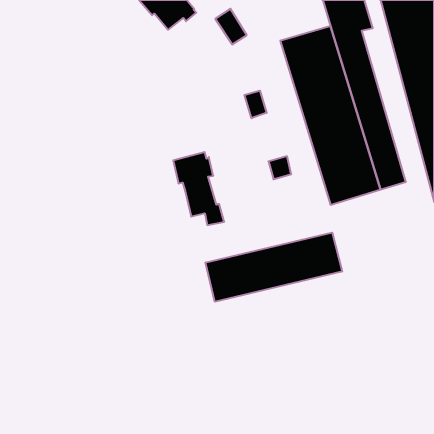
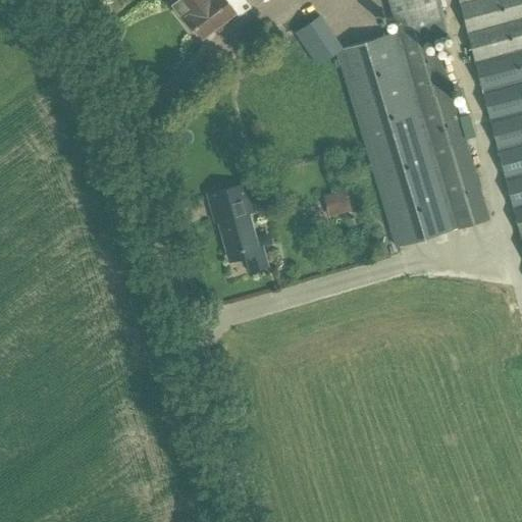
building: [215,9,247,44] -> [298,20,335,63]
building: [244,91,267,118] -> none
building: [206,233,342,302] -> none

